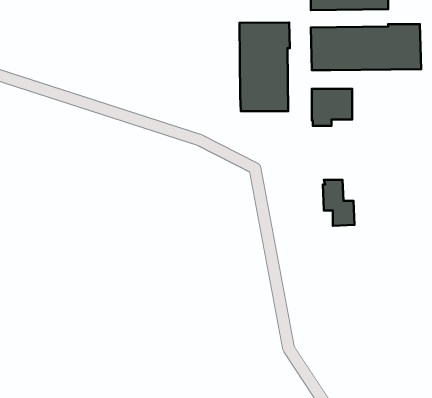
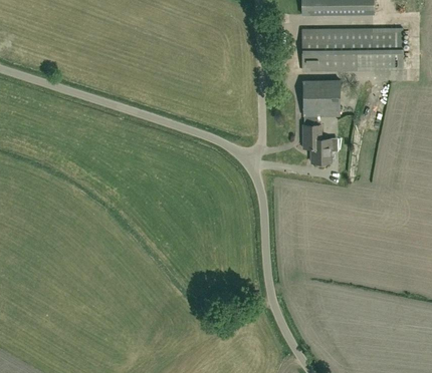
building: [239,23,290,111] -> none
building: [323,180,355,226] -> [302,120,332,162]

